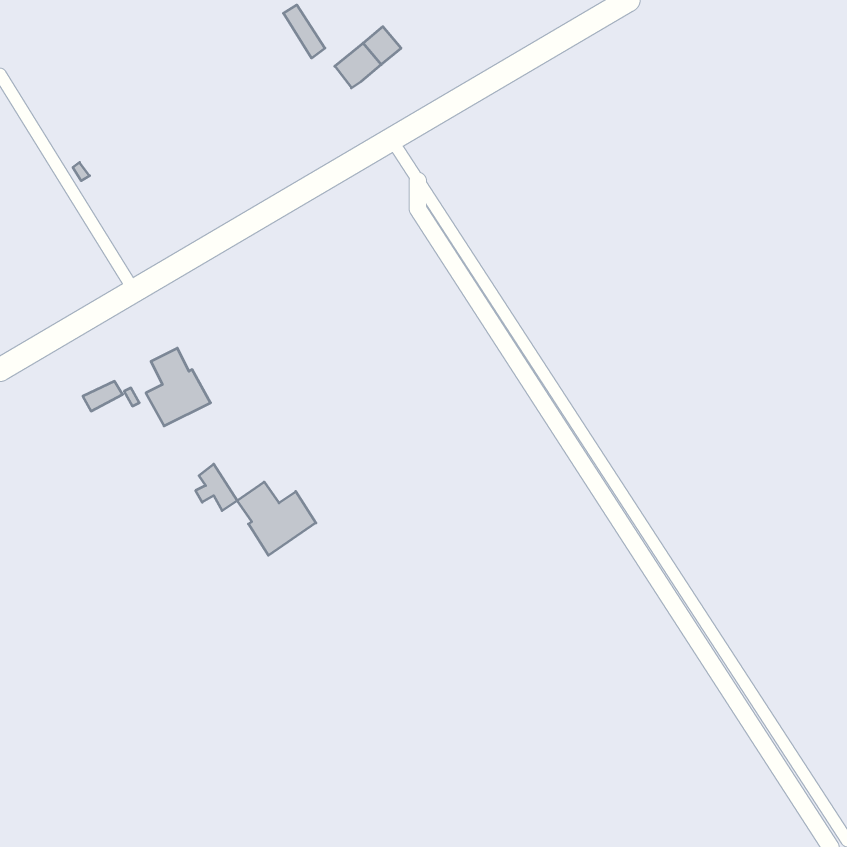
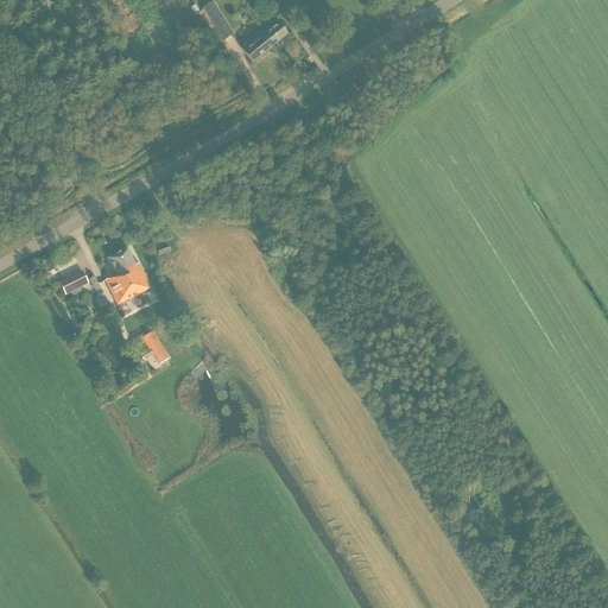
building: [237,482,316,555] -> none

